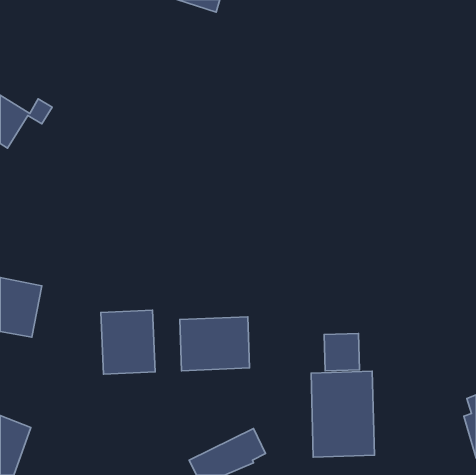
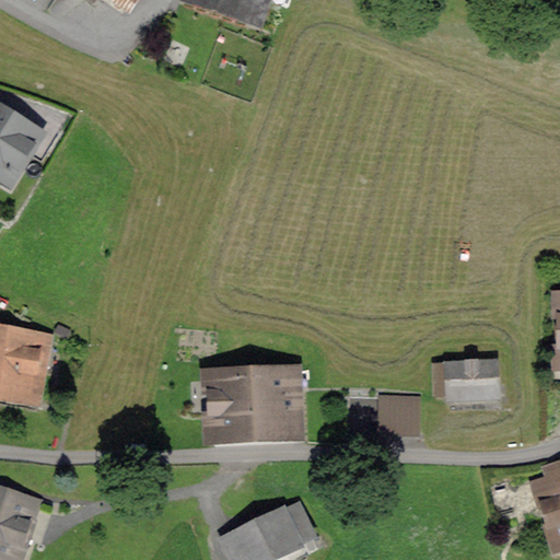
building: none -> [434,361,494,394]
building: [101,310,155,374] -> none
building: [311,371,374,457] -> none

